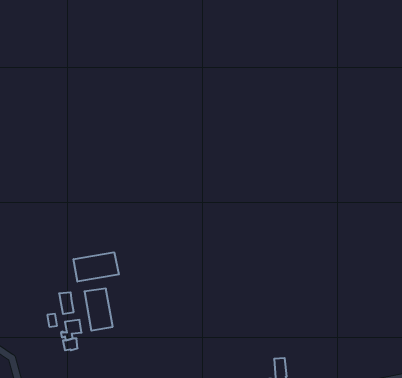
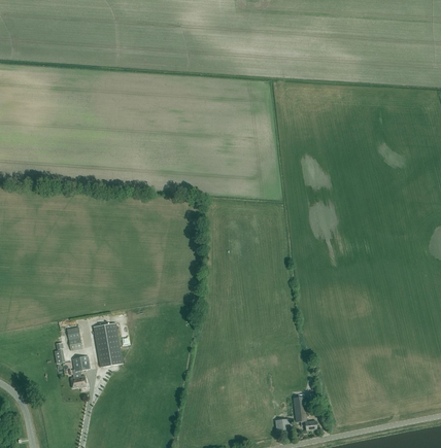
building: [74,252,119,282] -> none

